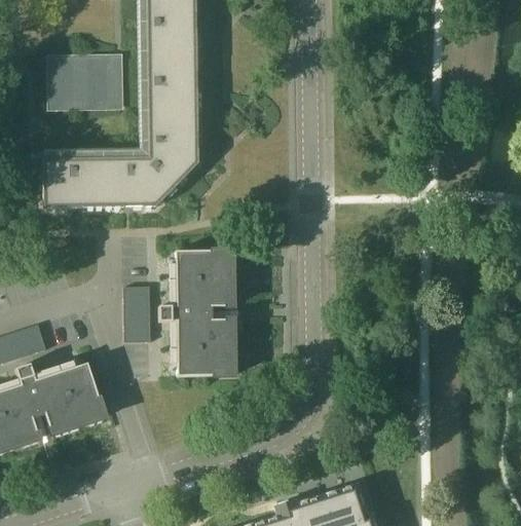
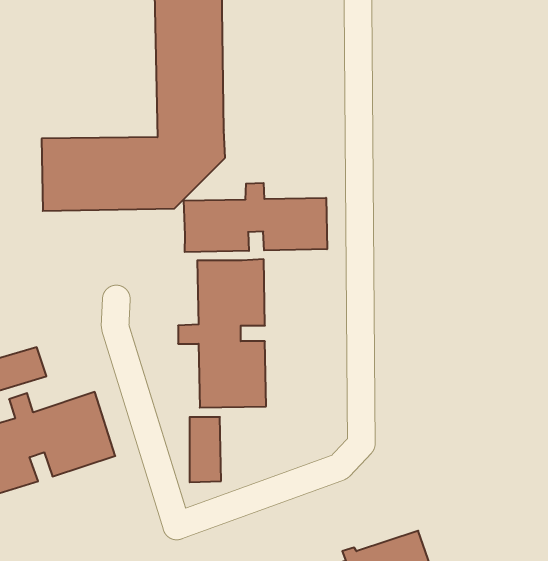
building: [46,54,123,111] -> none
building: none -> [184,183,327,252]
building: [123,288,150,343] -> [190,417,221,482]

